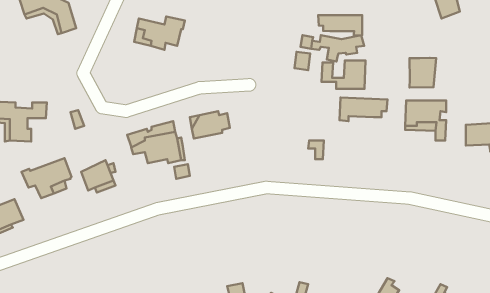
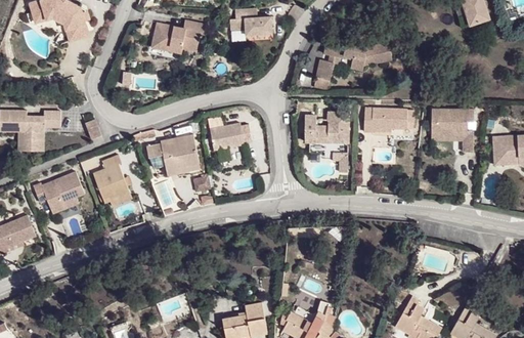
building: none -> [228,9,270,36]
building: [318,15,362,36] -> none
building: [409,58,436,87] -> none
building: [321,60,365,89] -> [303,112,349,141]
building: none -> [89,155,120,184]

